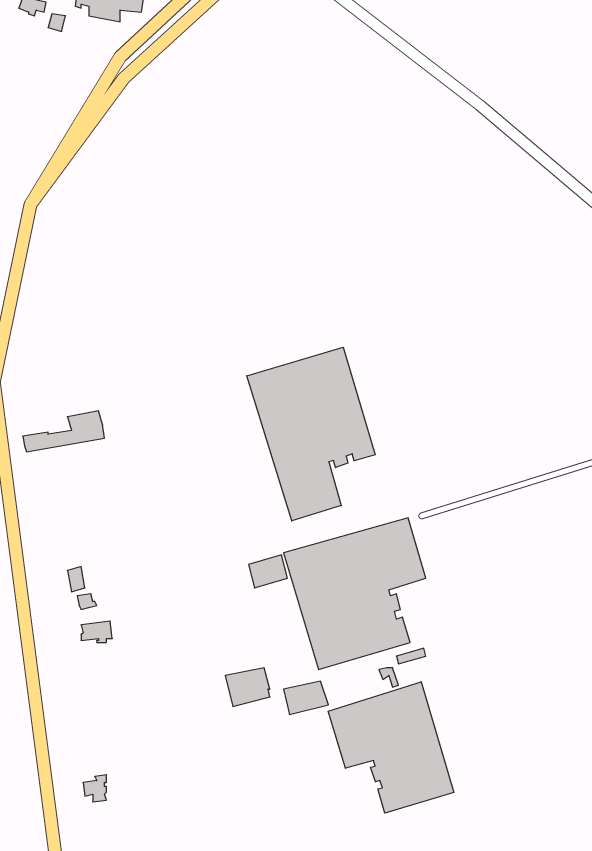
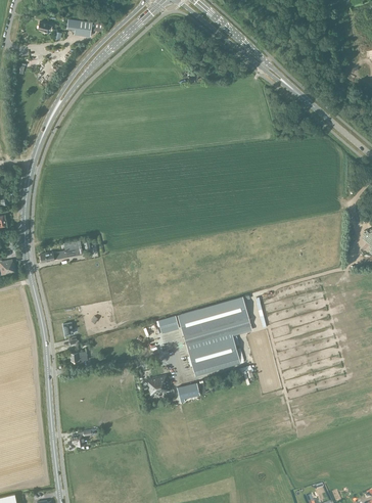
building: [247,347,375,521] -> none
building: [328,682,454,813] -> none

